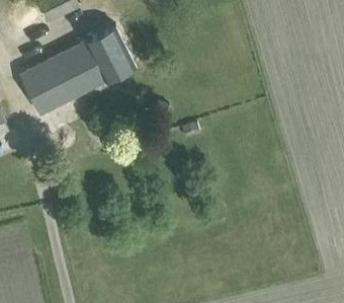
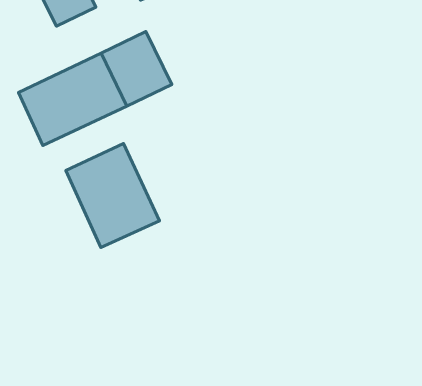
building: none -> [66,143,160,247]

